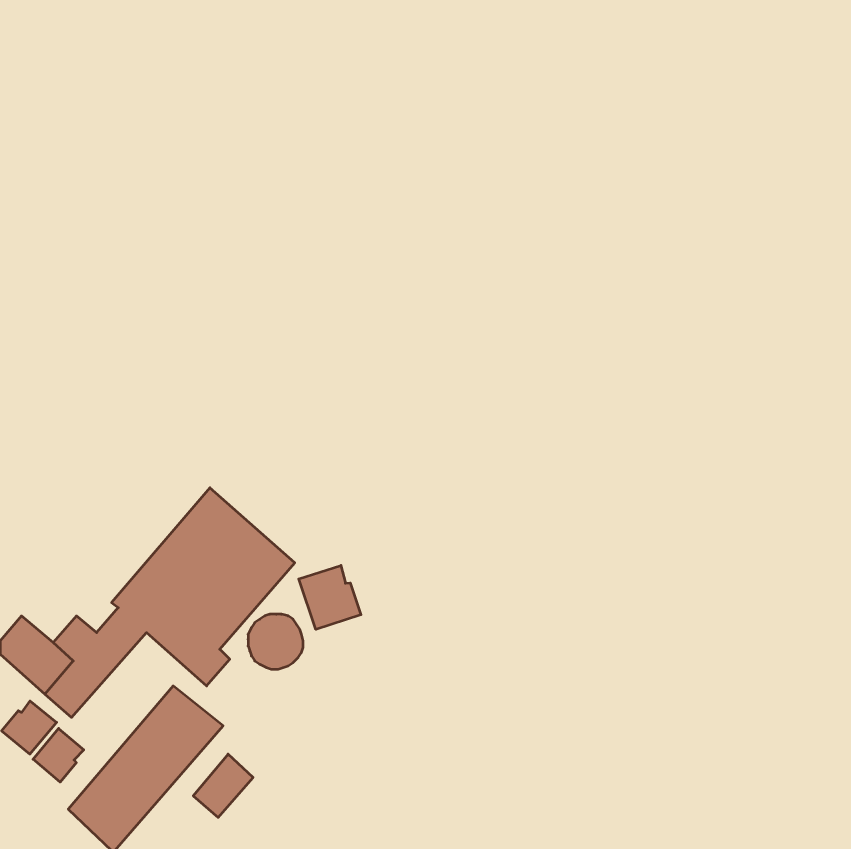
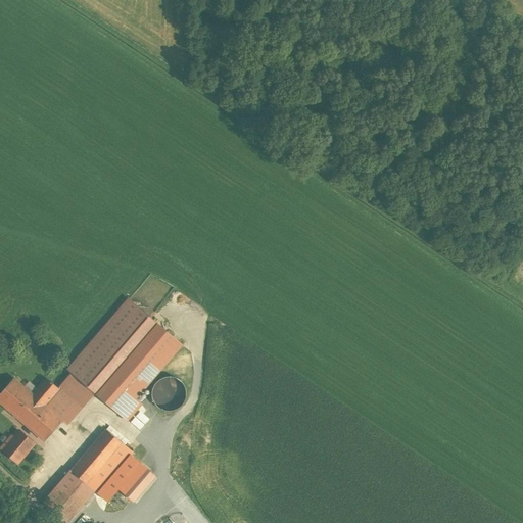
building: [299,565,361,629] -> none
building: [33,728,84,782] -> none

